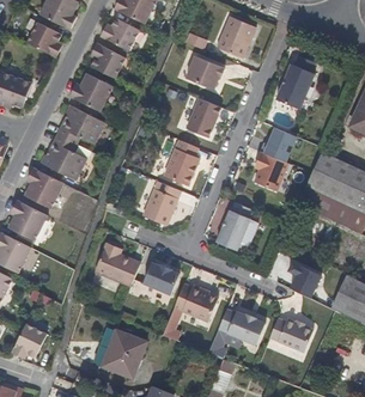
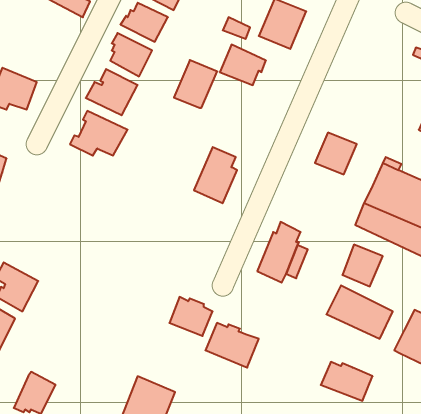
building: [29,22,62,57] -> none
building: [274,55,314,109] -> none
building: [184,96,220,135] -> [174,60,217,108]
building: [45,135,90,181] -> none
building: [255,154,288,189] -> [342,245,383,286]
building: [30,169,66,208] -> none
building: [141,179,180,225] -> none
building: [13,201,49,240] -> none
building: [93,242,139,285] -> none
building: [217,309,263,344] -> none

